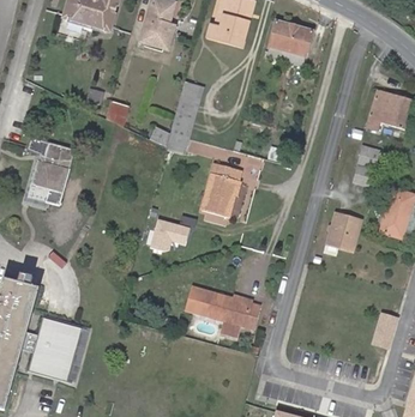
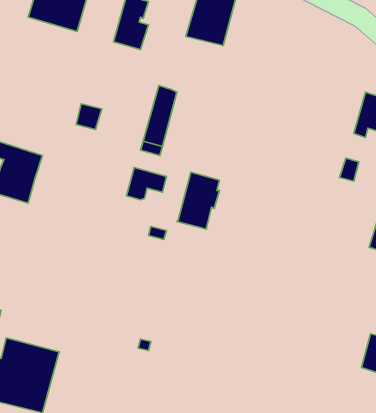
building: [271,22,312,55] -> none
building: [325,211,365,253] -> none
building: [151,220,188,250] -> [126,168,166,200]
building: [197,289,259,337] -> none

